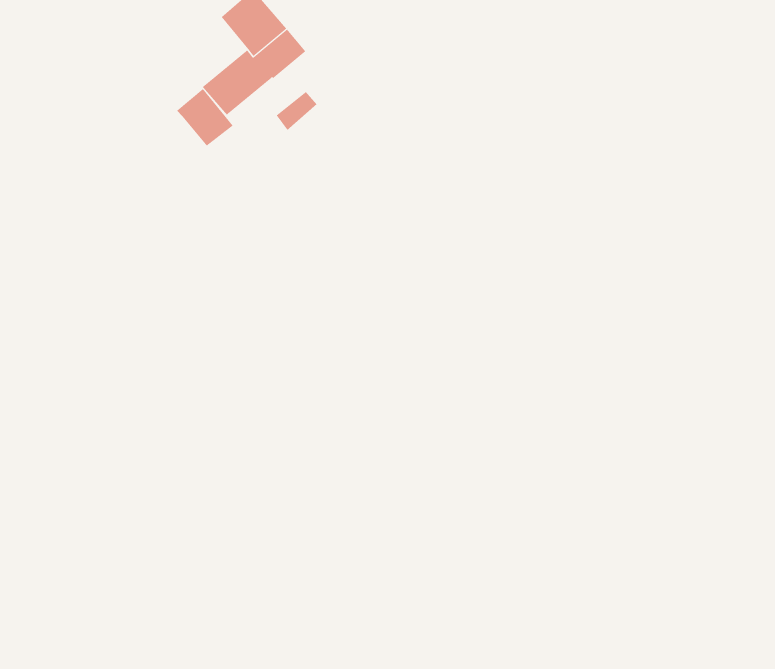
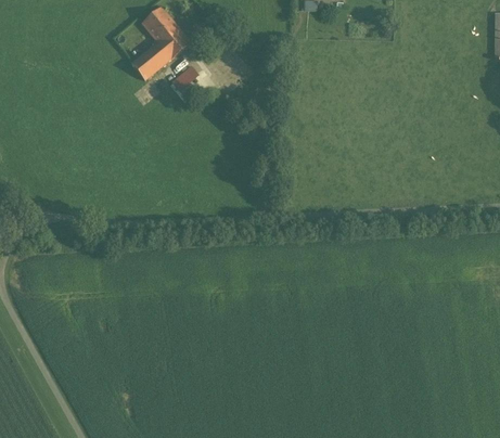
building: [176,88,233,146] -> none

